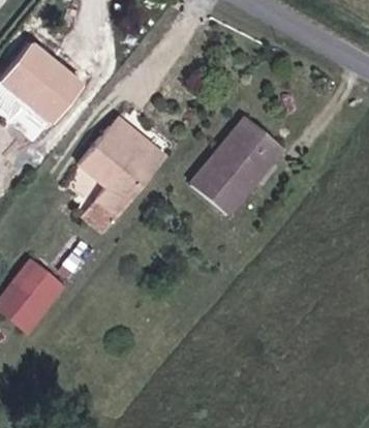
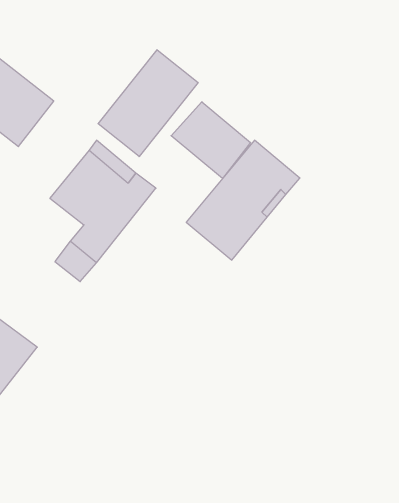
building: none -> [98,50,198,157]
building: none -> [171,102,251,179]

